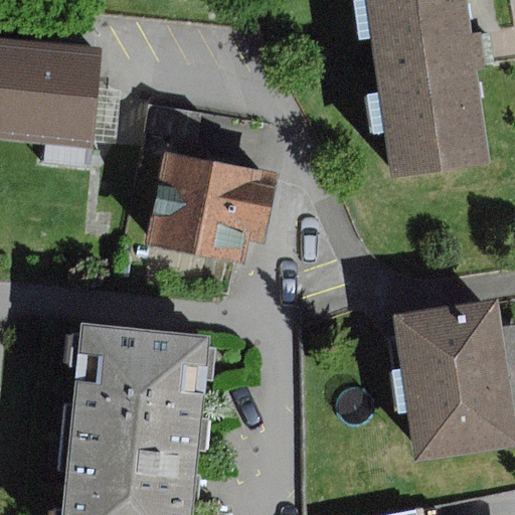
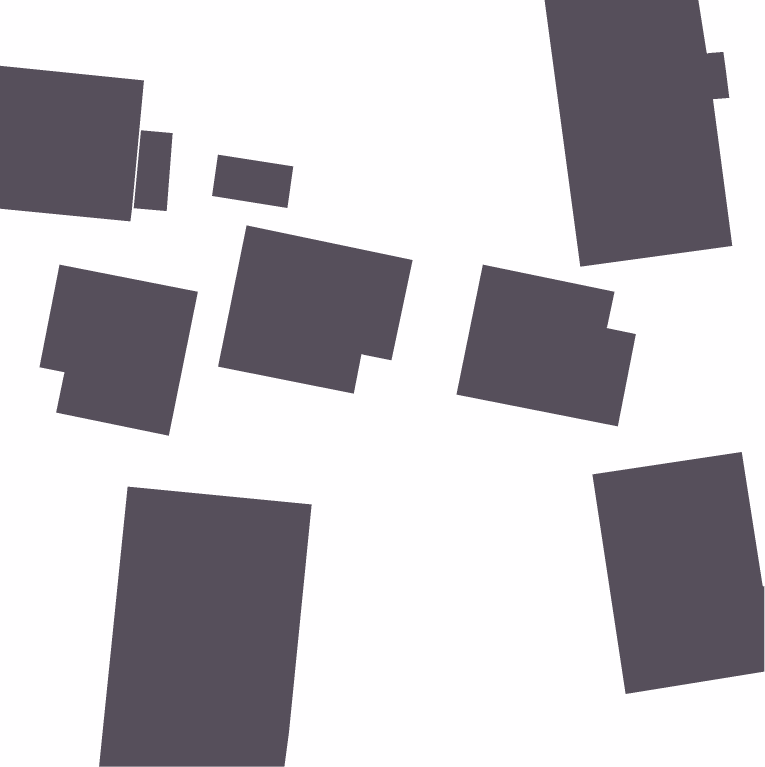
building: none -> [456,264,637,427]
building: none -> [39,264,199,437]

